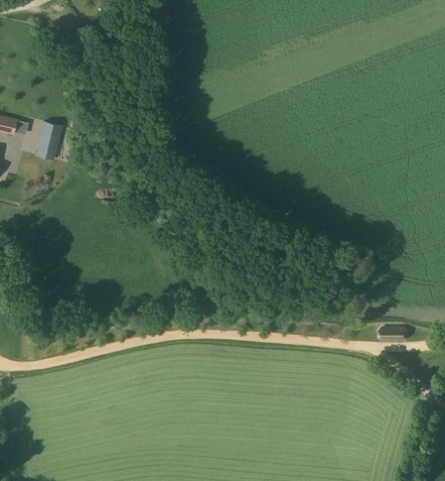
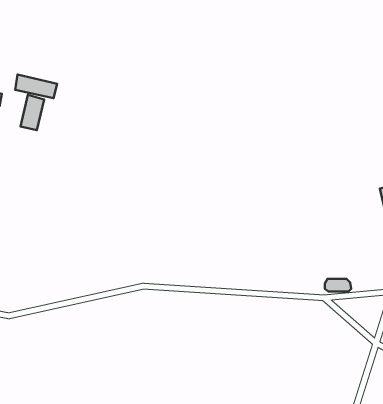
building: none -> [15,75,57,98]

